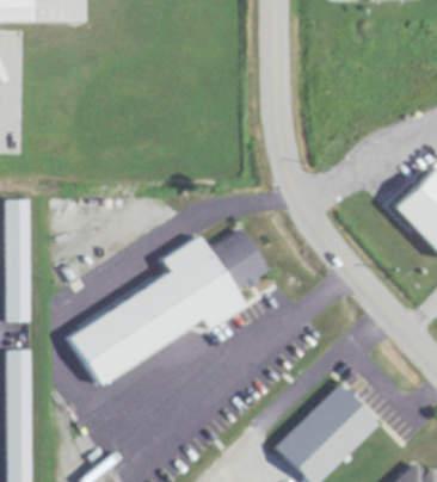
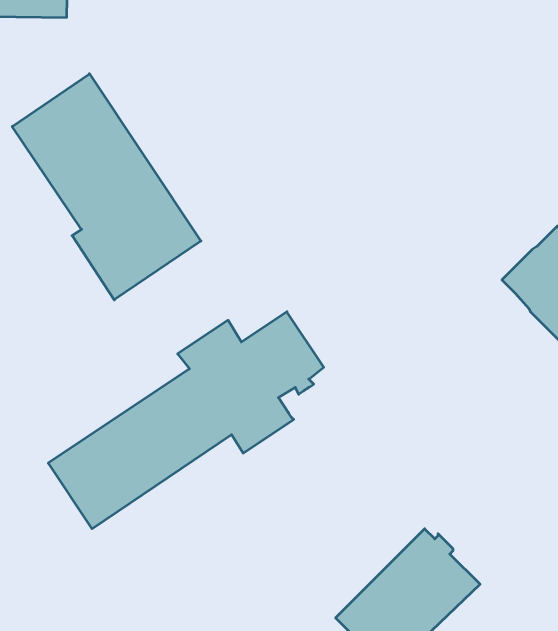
building: none -> [12,74,201,300]

